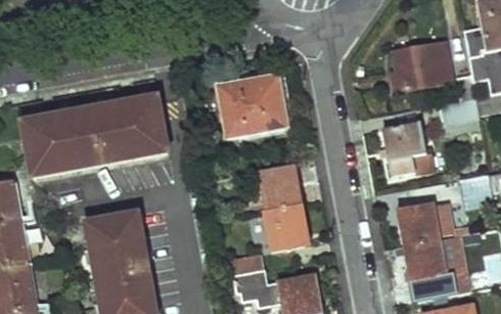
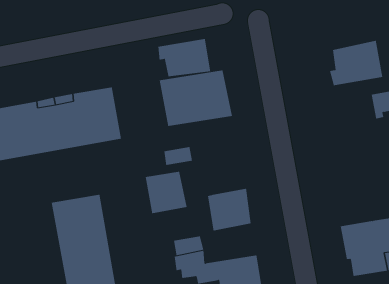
building: none -> [158,38,211,77]
building: [383,123,429,174] -> none
building: [258,165,304,211] -> [145,171,187,214]
building: [398,198,452,244] -> none

